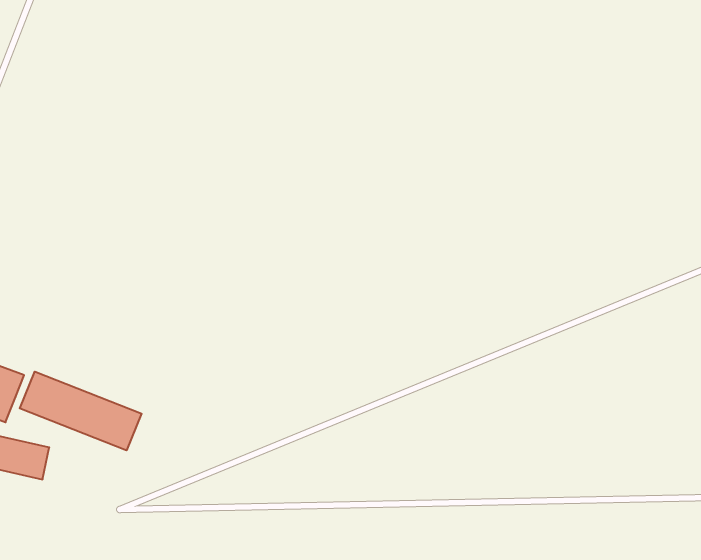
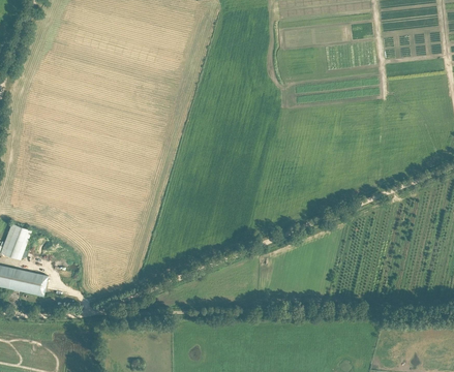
building: [20,372,142,450] -> none

